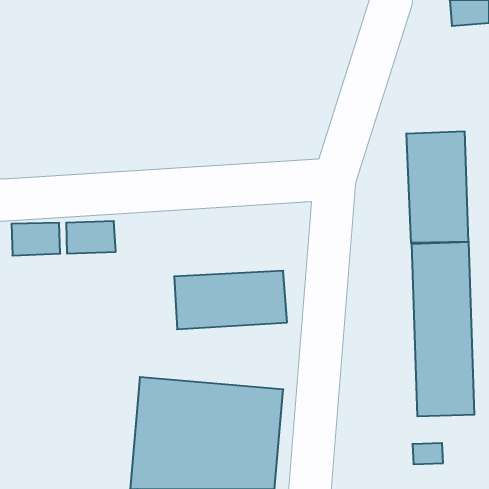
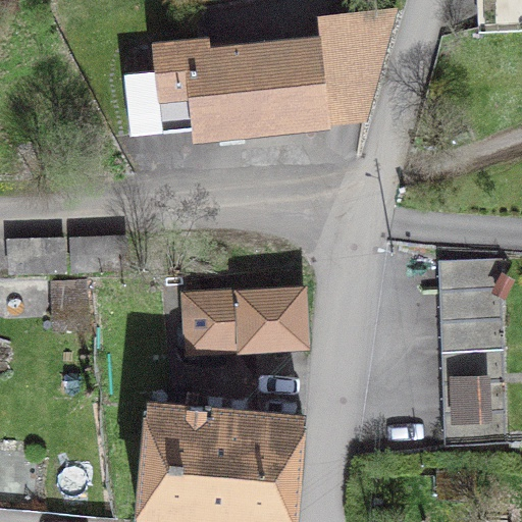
building: none -> [124,15,393,136]
building: [406,131,468,243] -> none

